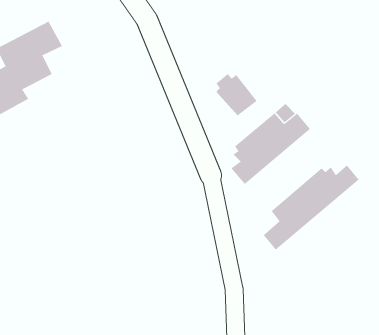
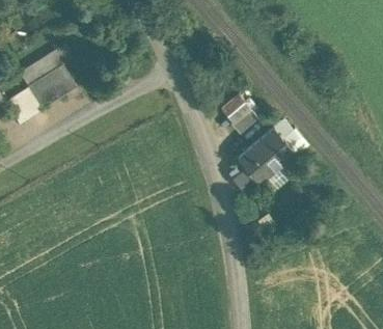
building: [263,164,360,250] -> none

